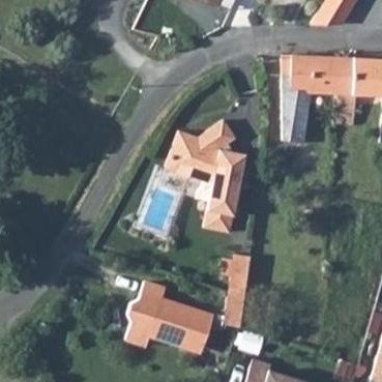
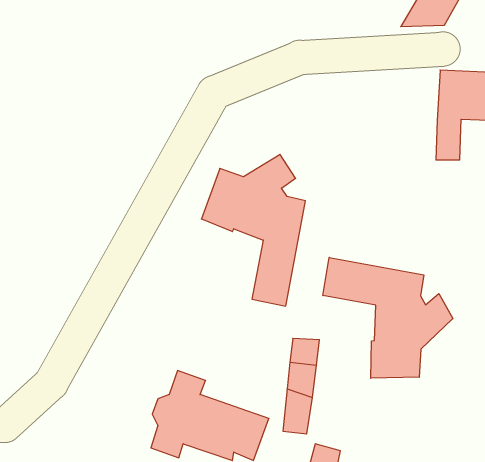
building: [269,56,339,170] -> none
building: none -> [323,257,453,378]

